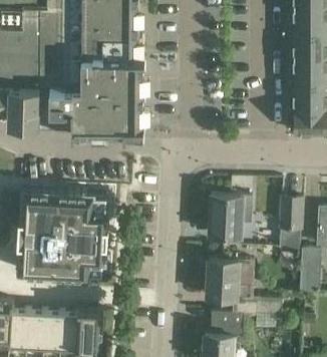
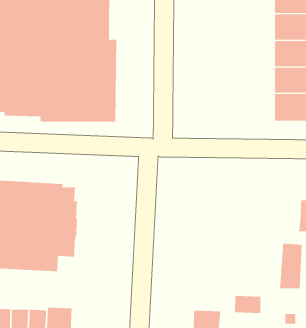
building: [209,196,252,238] -> none
building: [280,200,301,231] -> none
building: [206,261,254,301] -> none

